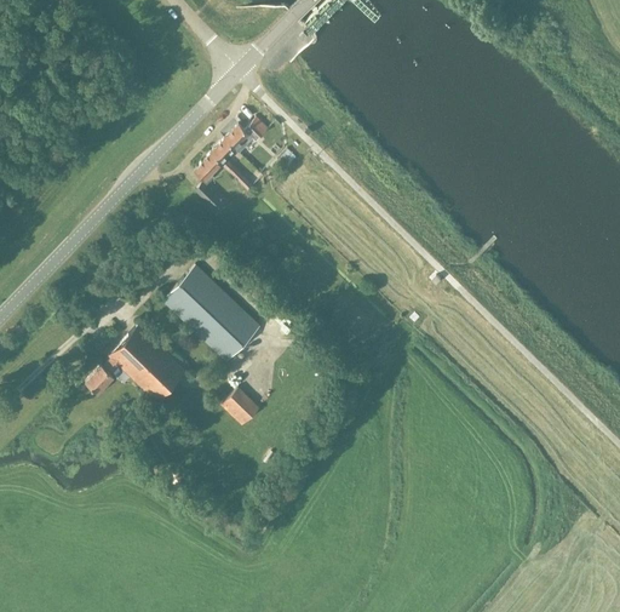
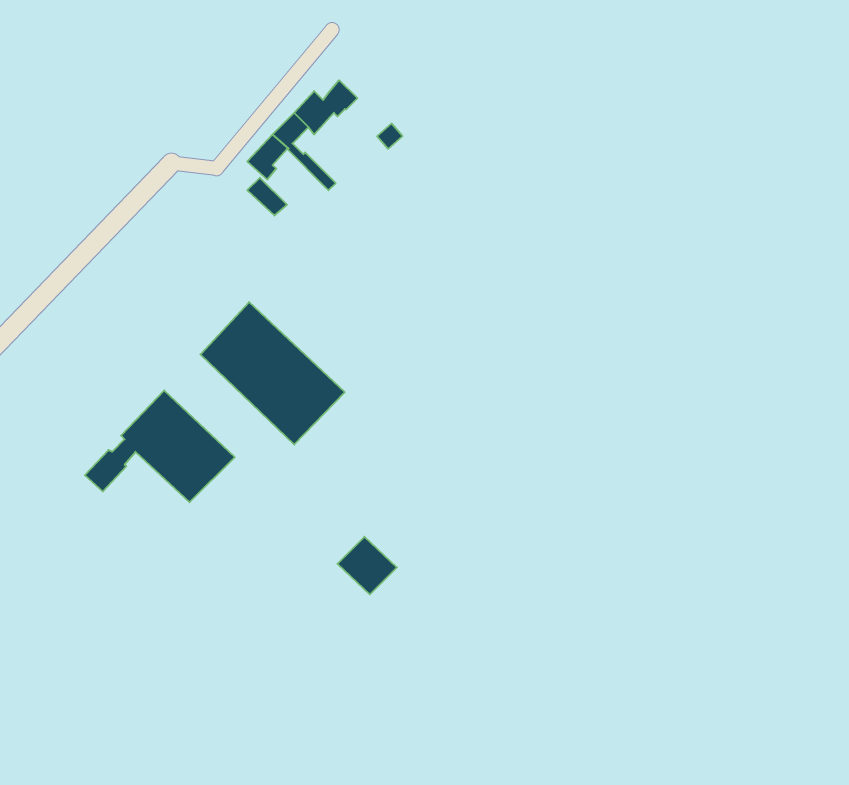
building: [222,387,262,425] -> [337,537,397,594]

